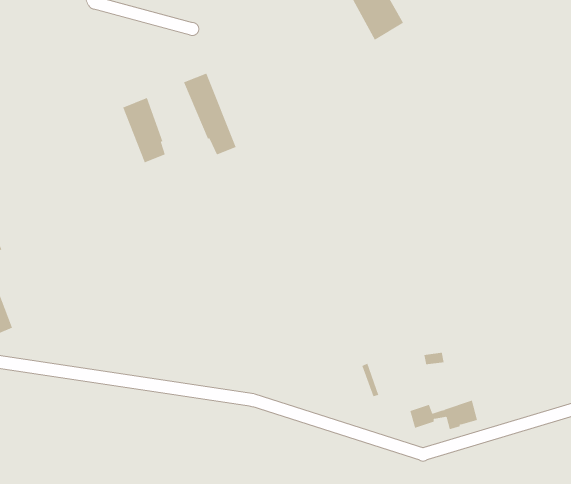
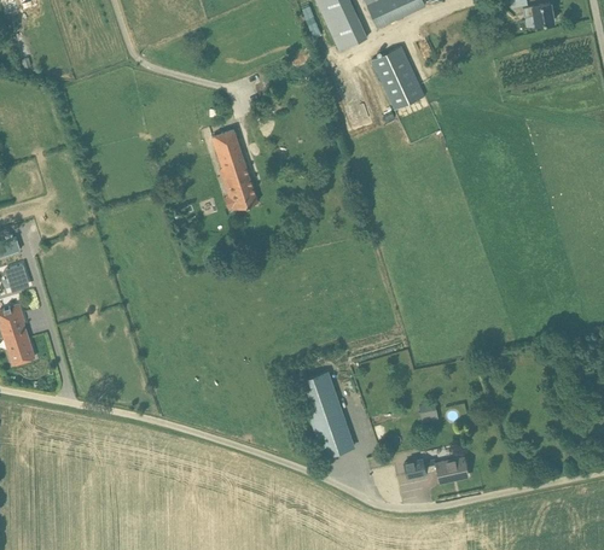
building: [122,97,165,163] -> none
building: none -> [298,371,354,456]

